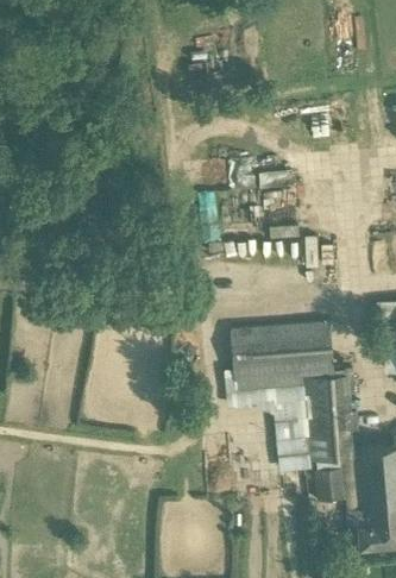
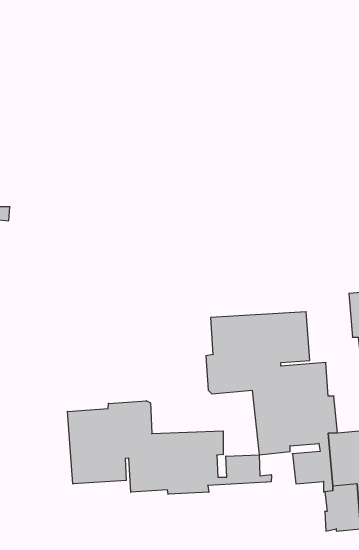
building: none -> [67,401,271,494]

